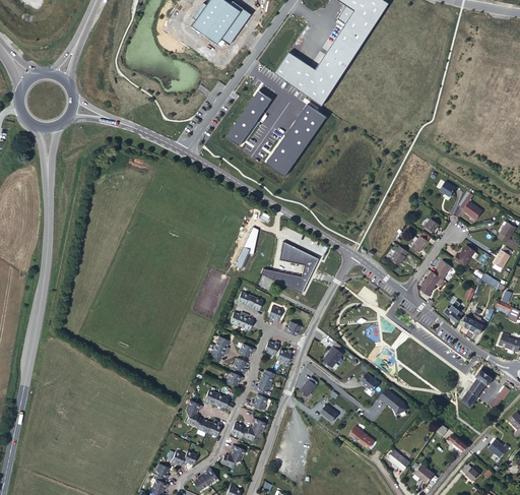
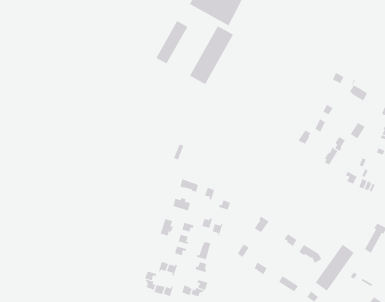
building: [259,242,316,294] -> none
building: none -> [315,244,355,292]

